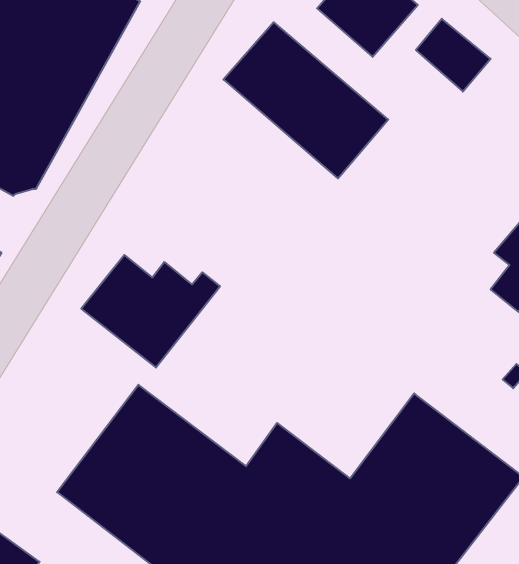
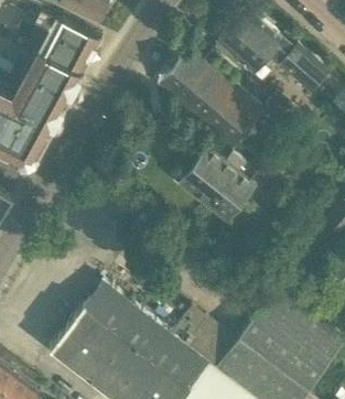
building: [81,255,220,368] -> [177,150,266,222]

